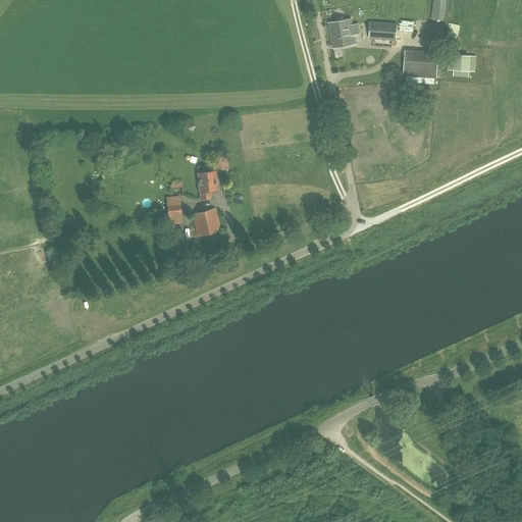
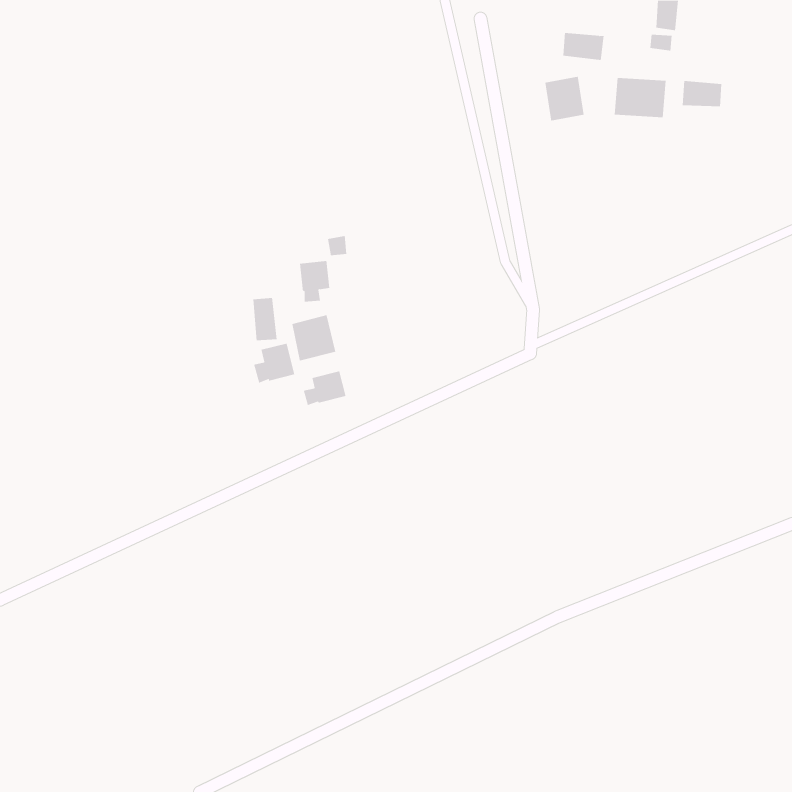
building: [329,18,356,48] -> [544,76,585,121]
building: none -> [253,343,295,384]
building: none -> [303,371,346,406]

